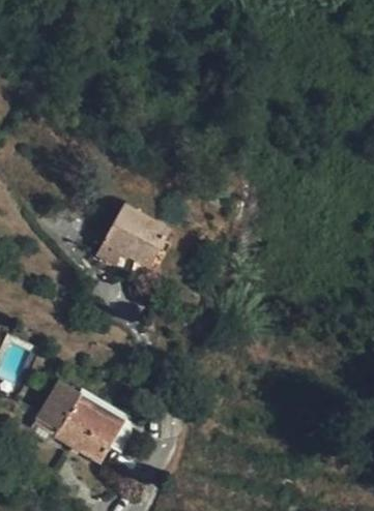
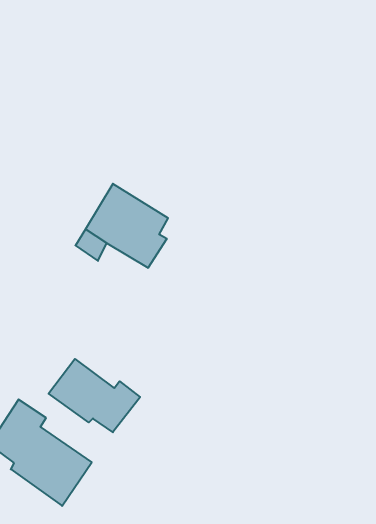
building: none -> [49,359,140,432]

